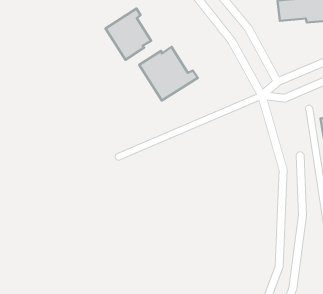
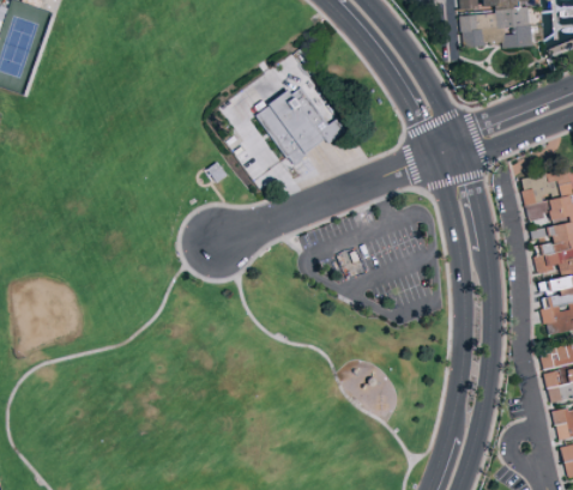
building: [105,9,151,60] -> none

